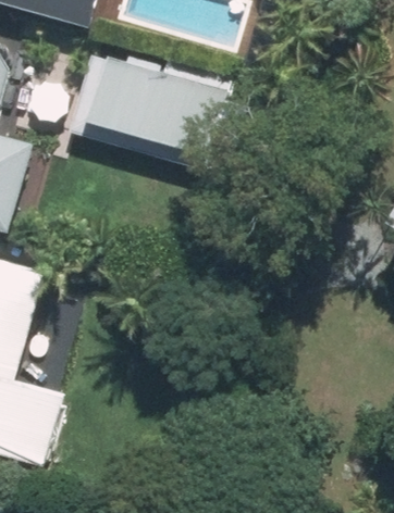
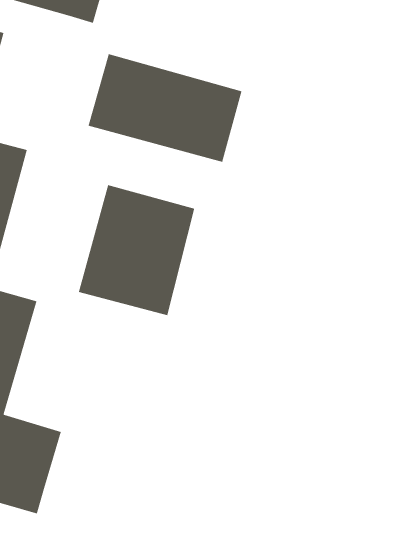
building: none -> [78,184,195,316]

